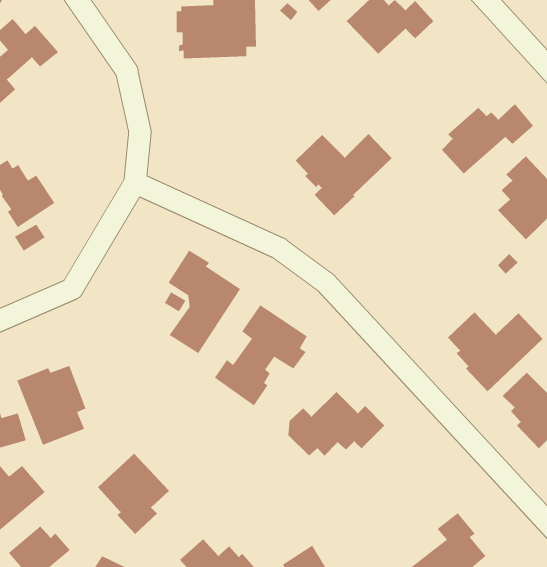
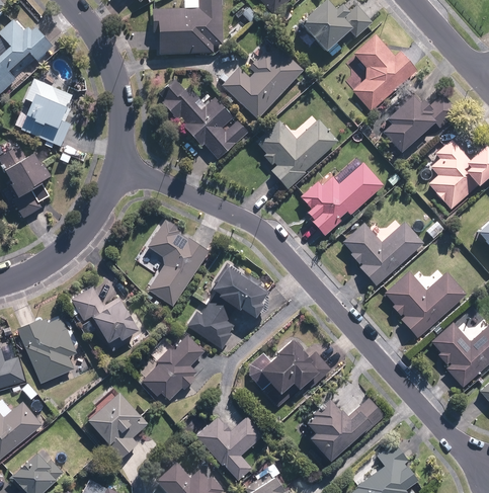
building: none -> [352,34,416,111]
building: none -> [222,37,303,120]
building: none -> [20,80,75,147]
building: none -> [159,80,249,159]
building: none -> [301,162,384,236]
building: none -> [342,222,424,285]
building: none -> [70,284,139,343]
building: none -> [143,335,205,401]
building: none -> [305,397,385,461]
building: none -> [196,416,264,481]

